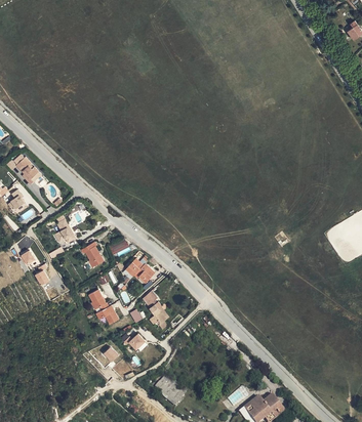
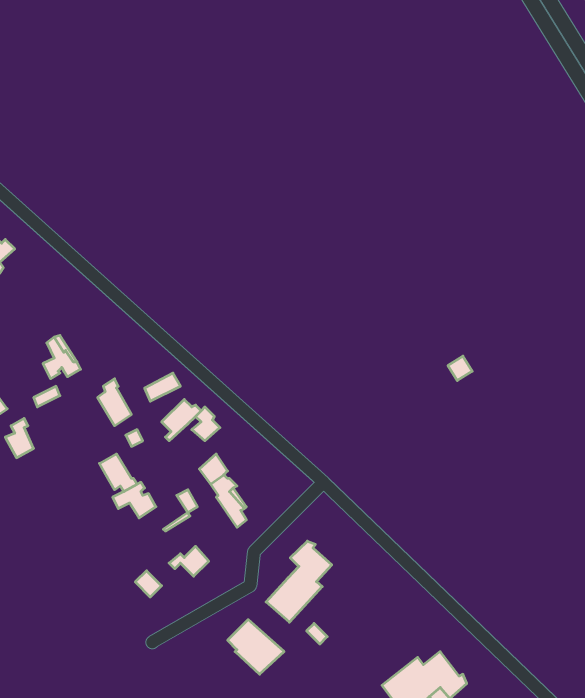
building: none -> [266,541,332,622]

